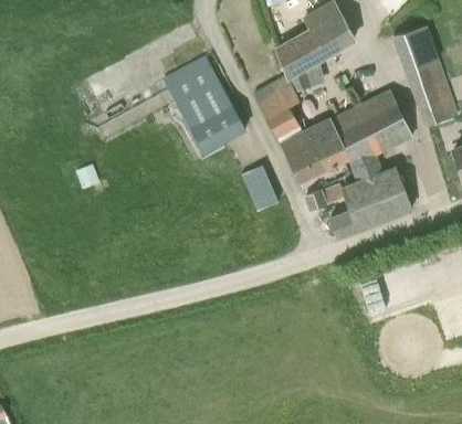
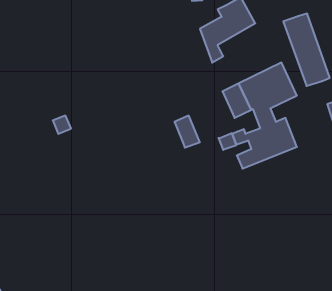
building: [254,46,297,136] -> none
building: [161,56,244,153] -> none
building: [281,132,325,182] -> none

